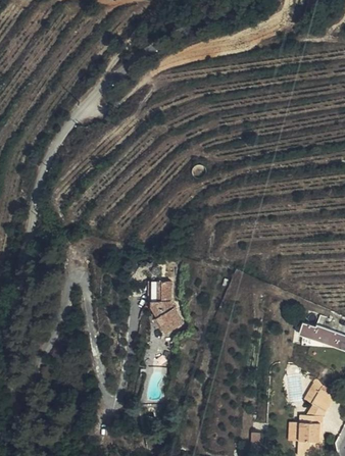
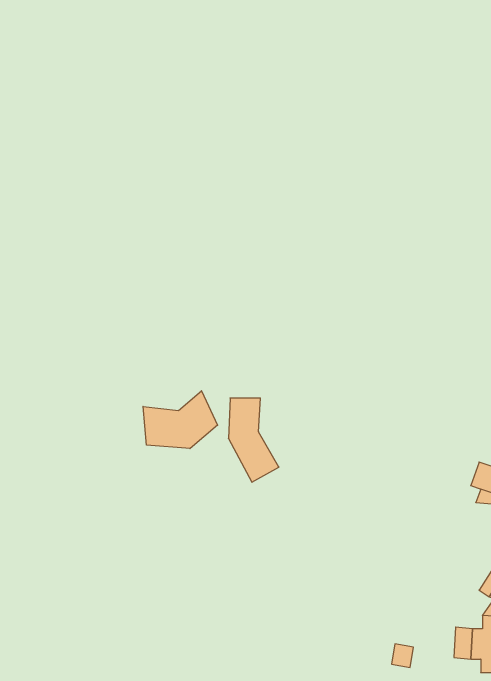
building: none -> [143,391,218,449]

